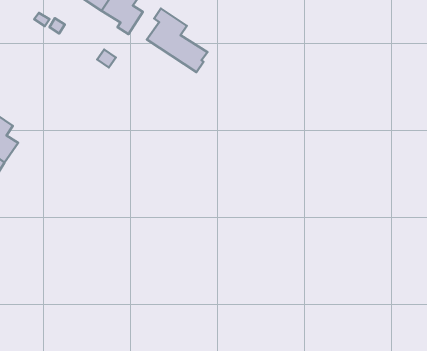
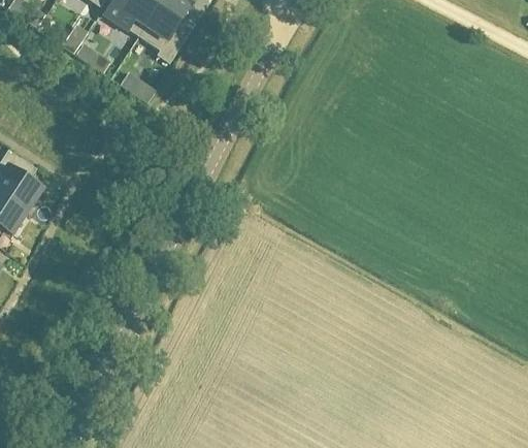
building: [147,8,207,72] -> none

